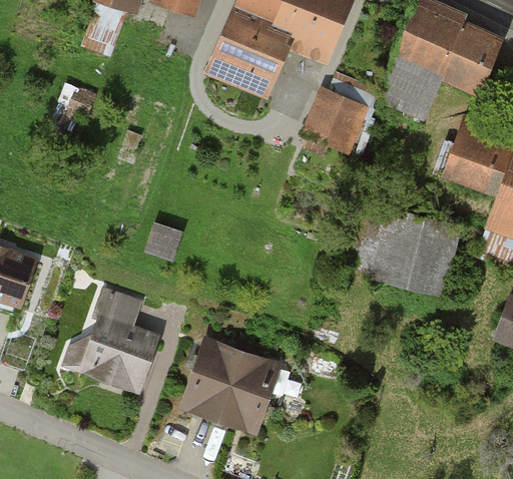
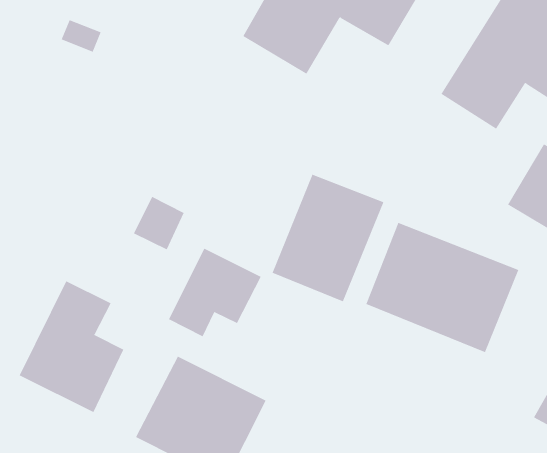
building: [303,81,370,149] -> none
building: none -> [272,174,384,302]
building: none -> [168,248,262,337]

